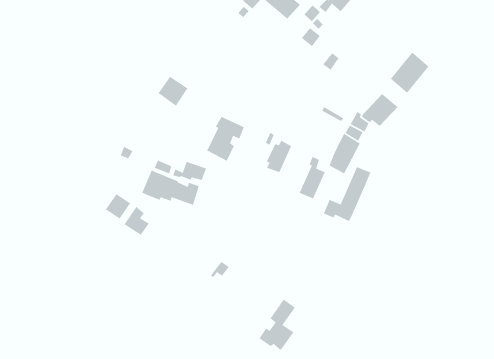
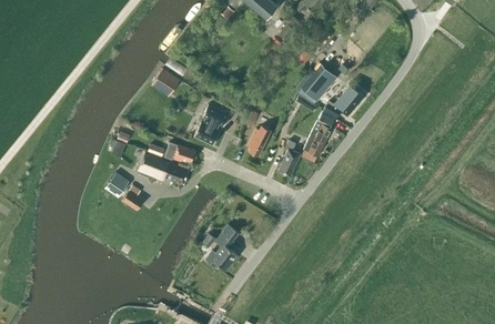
building: [390,51,430,94] -> [301,63,336,101]
building: [323,166,372,222] -> none
building: [258,299,296,351] -> [205,224,239,271]

